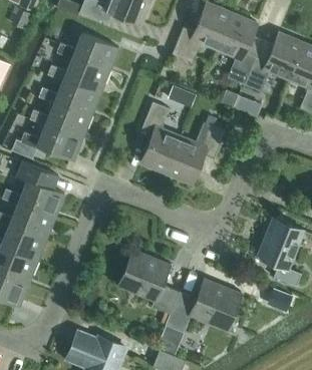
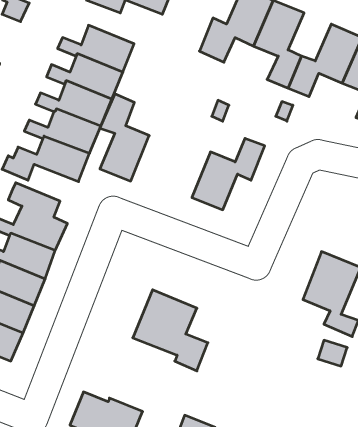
building: [140,101,181,172] -> [100,94,149,181]
building: [166,277,241,333] -> none

